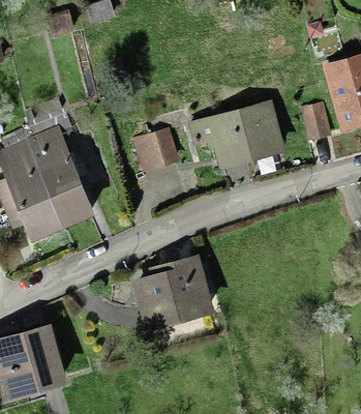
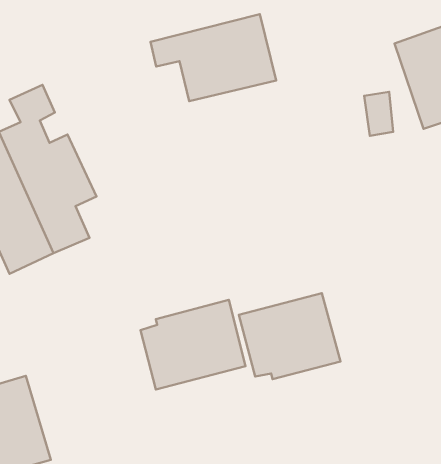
building: [190,103,284,169] -> [151,14,276,101]
building: [134,131,175,167] -> none
building: none -> [239,293,340,379]

